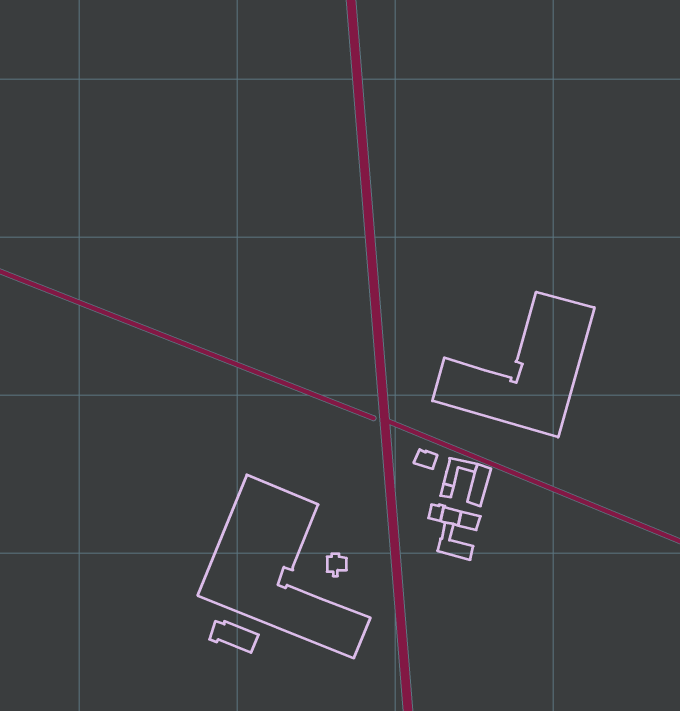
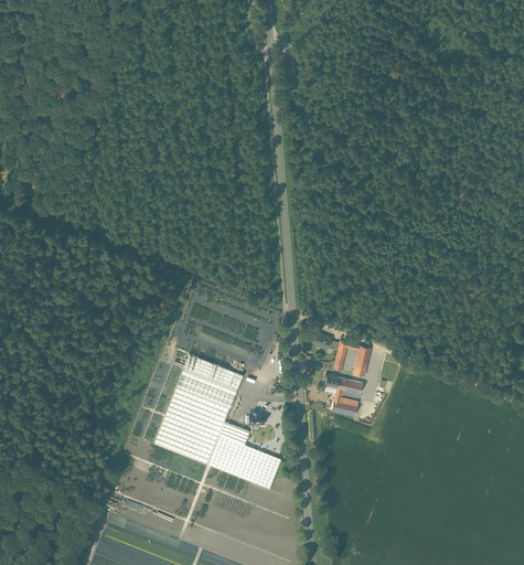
building: [432,292,594,437] -> none
building: [209,621,259,653] -> [213,422,249,445]

